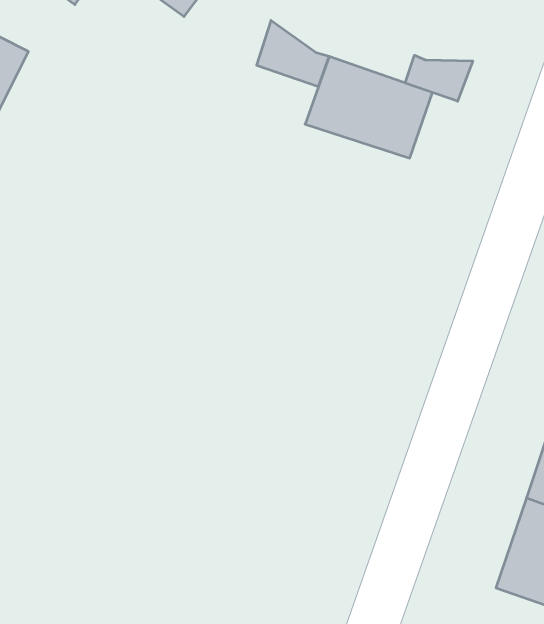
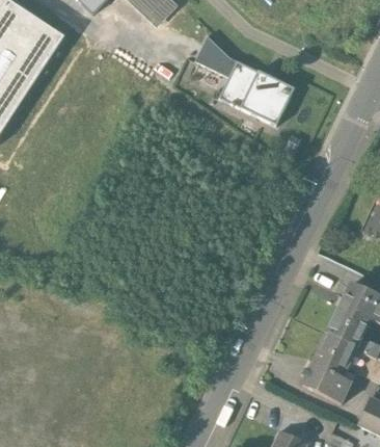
building: [405,55,473,101] -> none

